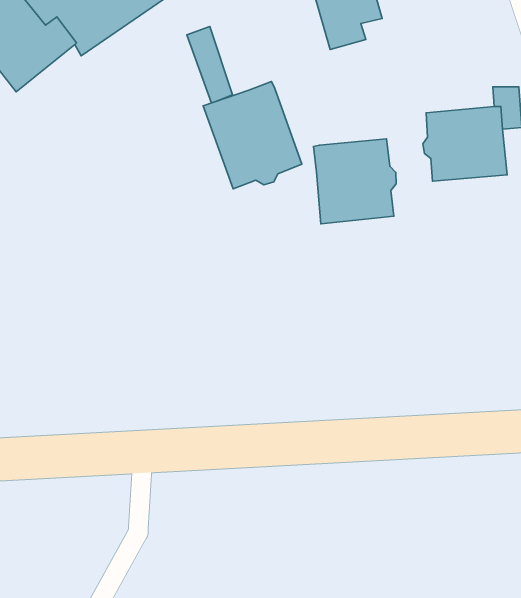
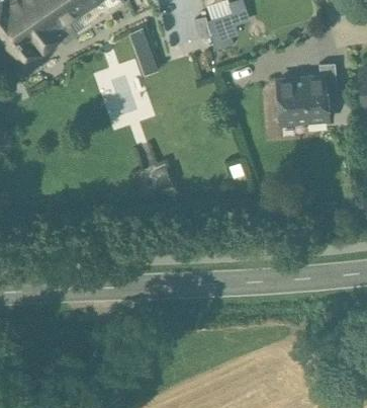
building: [203,81,302,189] -> none
building: [313,139,396,224] -> none

